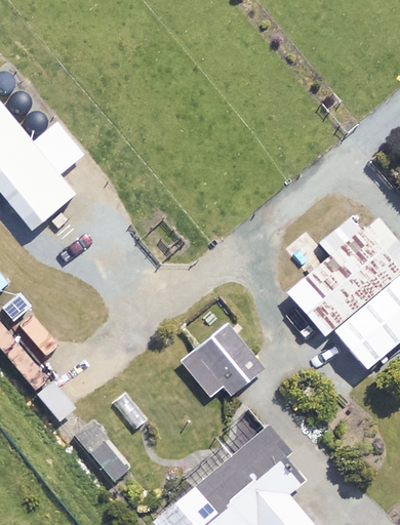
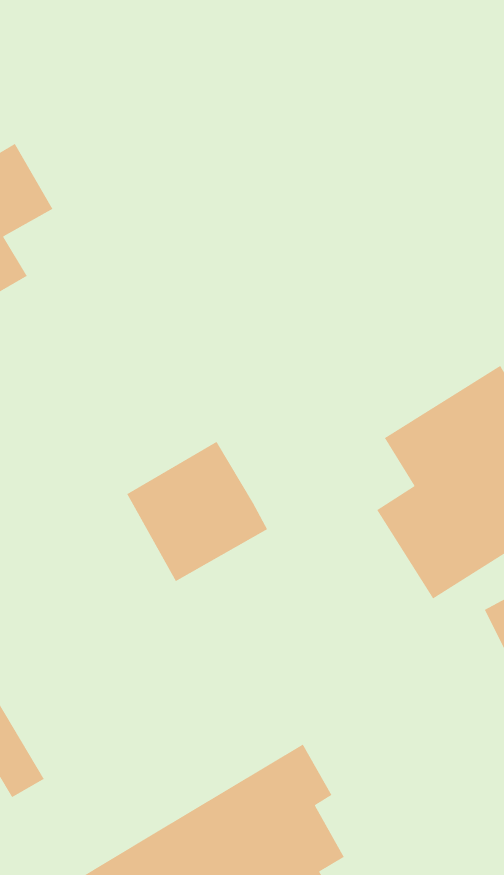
building: [182,325,263,406] -> [126,441,268,582]

